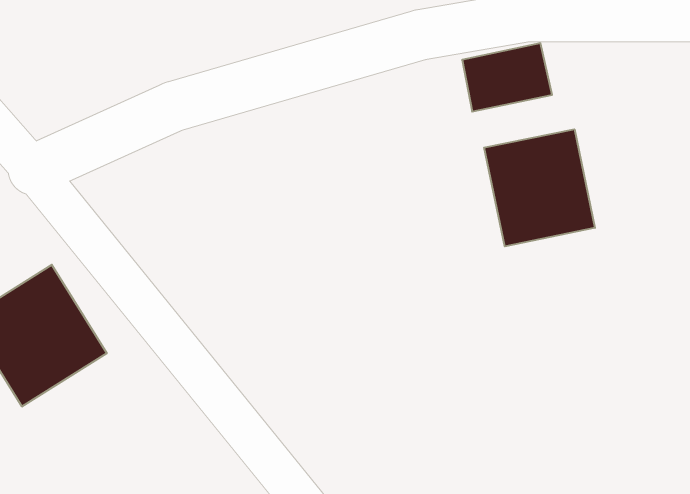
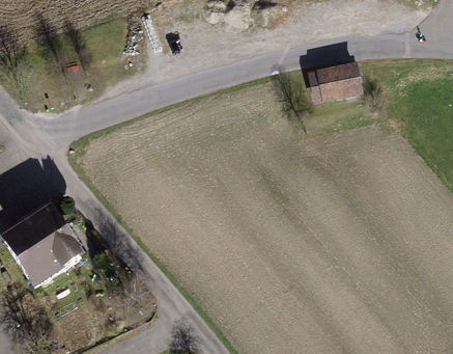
building: [484,129,595,246] -> none

